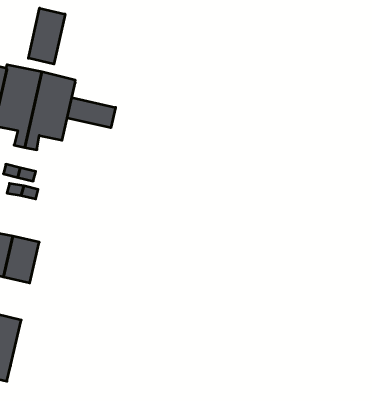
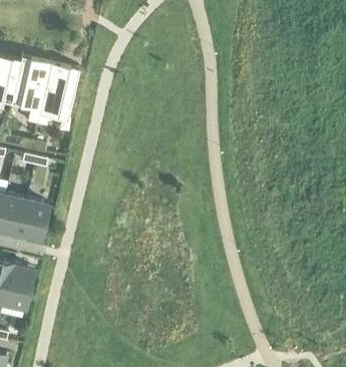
building: [28,8,65,64] -> none
building: [67,98,116,128] -> none

